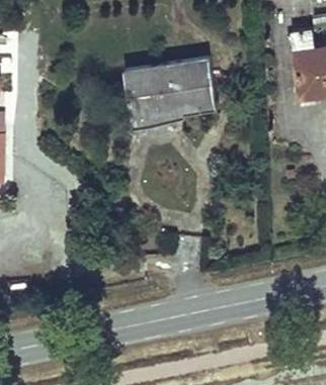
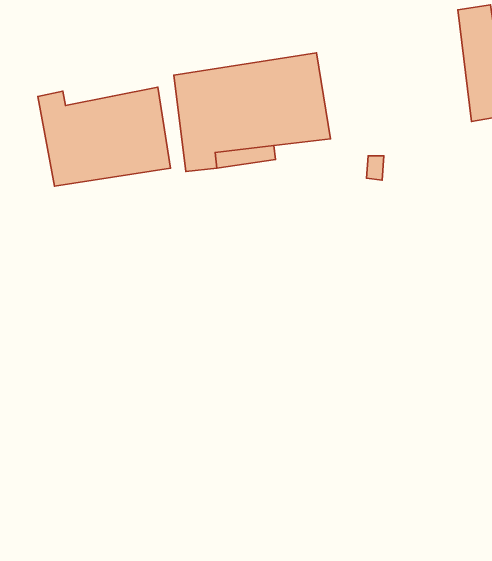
building: none -> [38,87,170,186]

